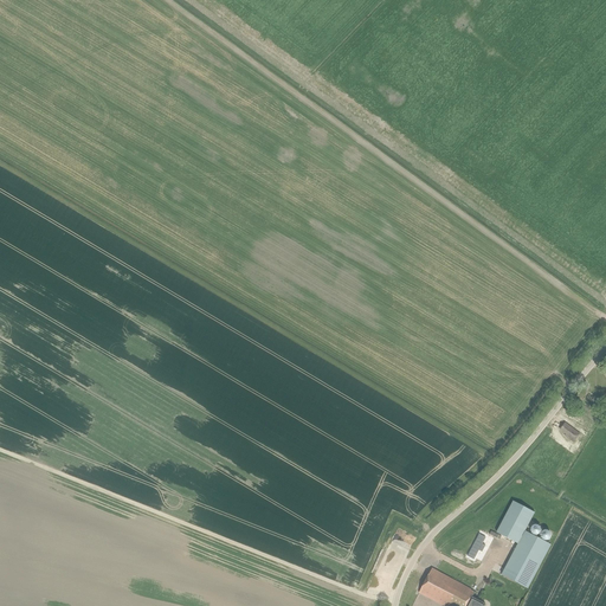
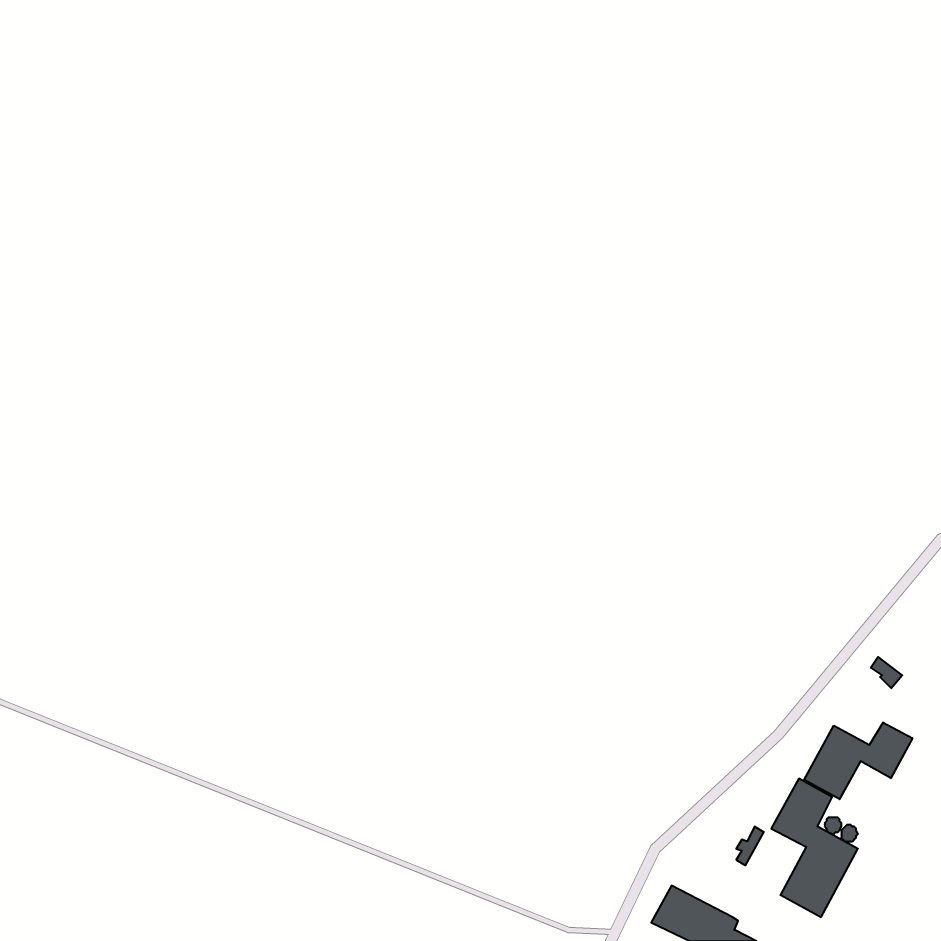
building: none -> [804,722,912,799]

